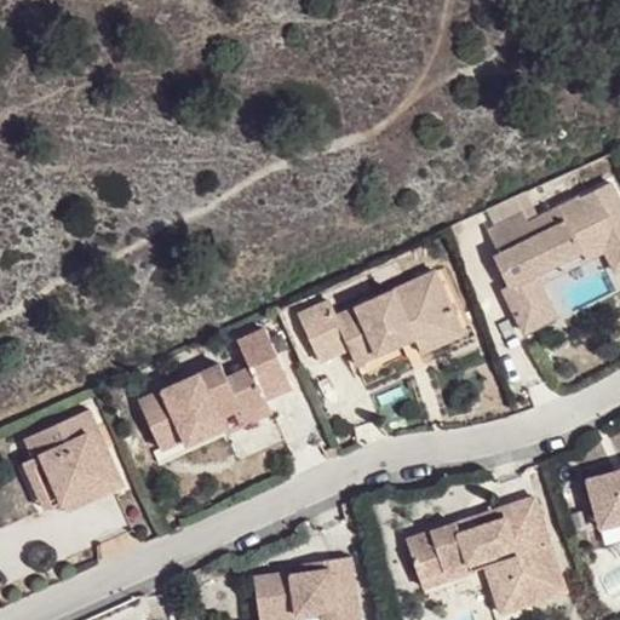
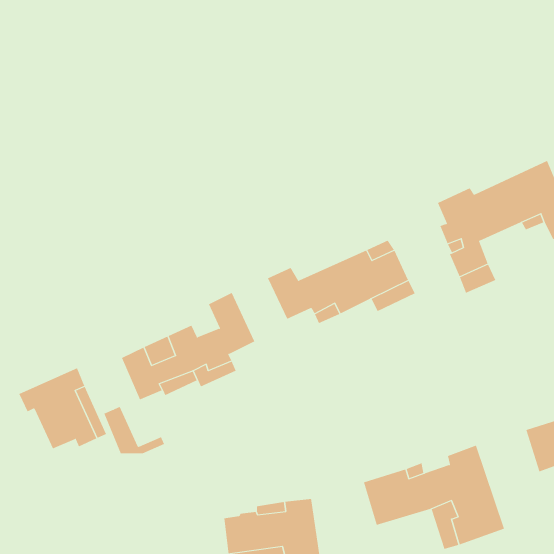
building: [23,458,91,511] -> [104,406,165,454]

